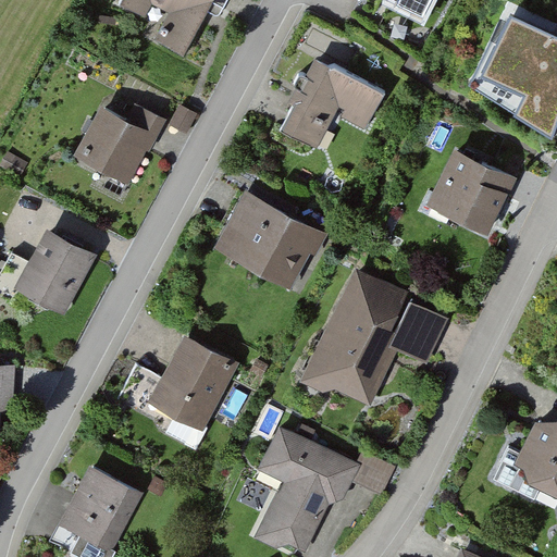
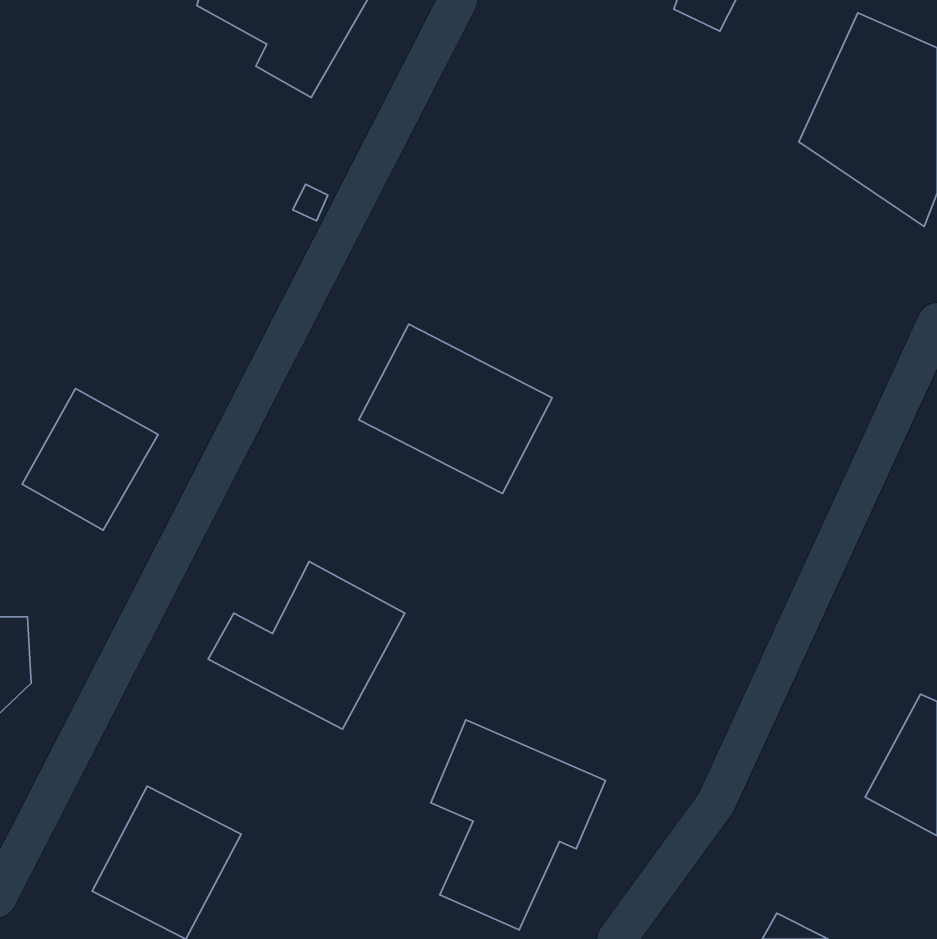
building: [283,59,388,147] -> none
building: [72,103,168,188] -> none
building: [422,150,516,243] -> none
building: [299,268,450,411] -> none

